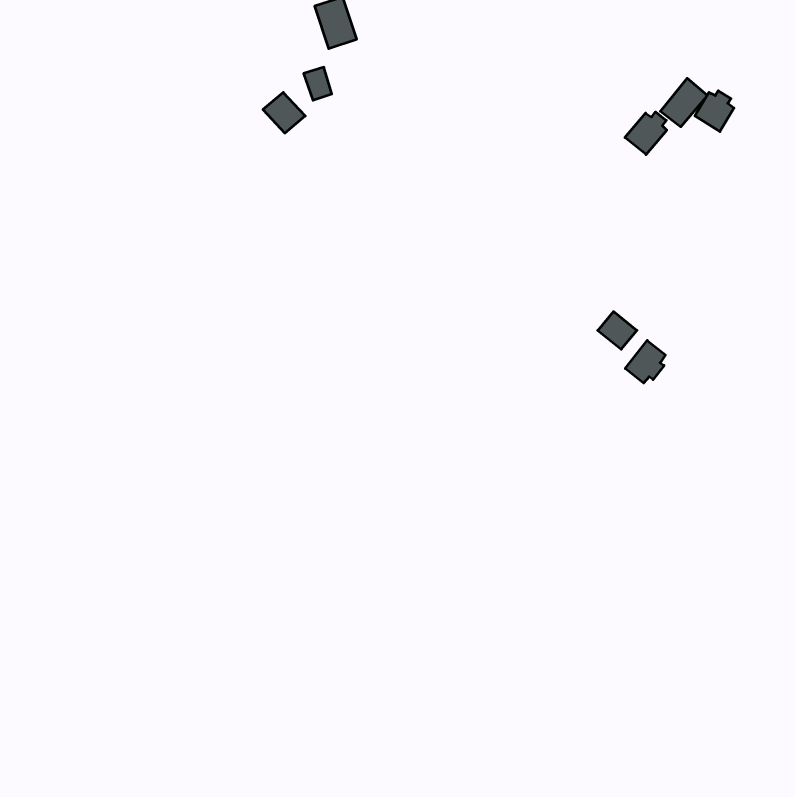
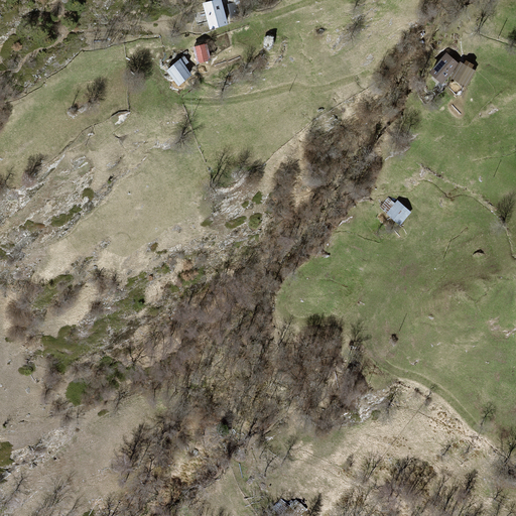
building: [625,112,667,155] -> none
building: [625,340,665,383] -> none

